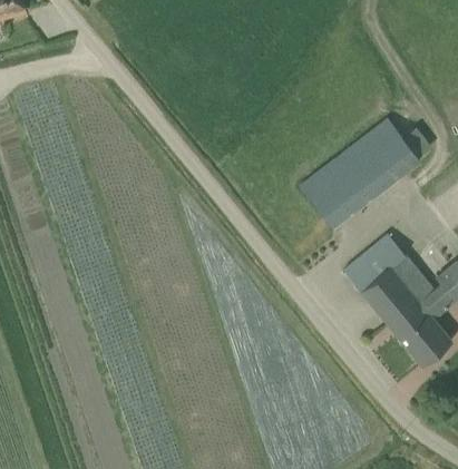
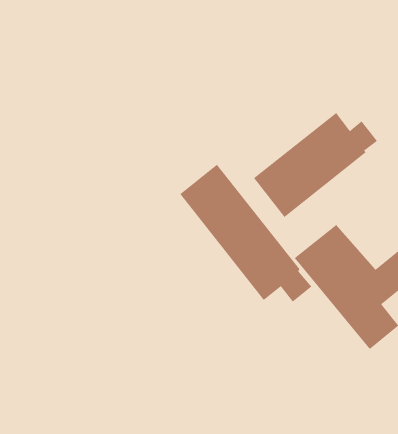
building: none -> [179,164,312,302]

